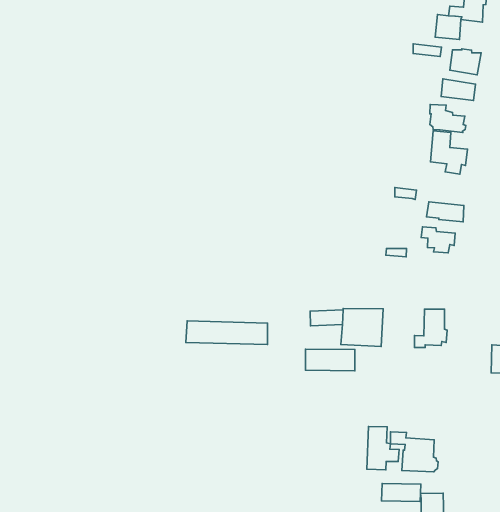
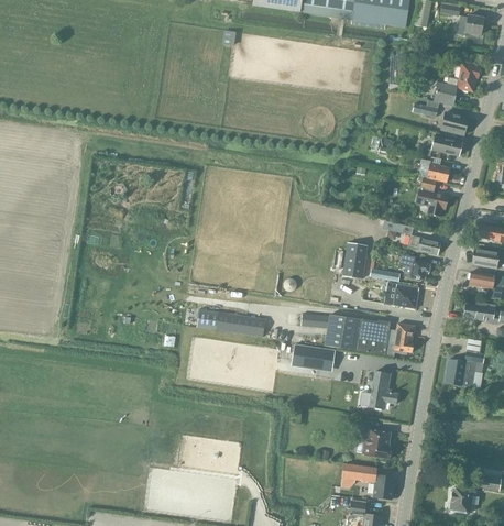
building: none -> [342,243,366,278]
building: none -> [393,284,418,309]
building: none -> [357,319,390,354]
building: [367,427,399,470] -> [369,372,397,409]

